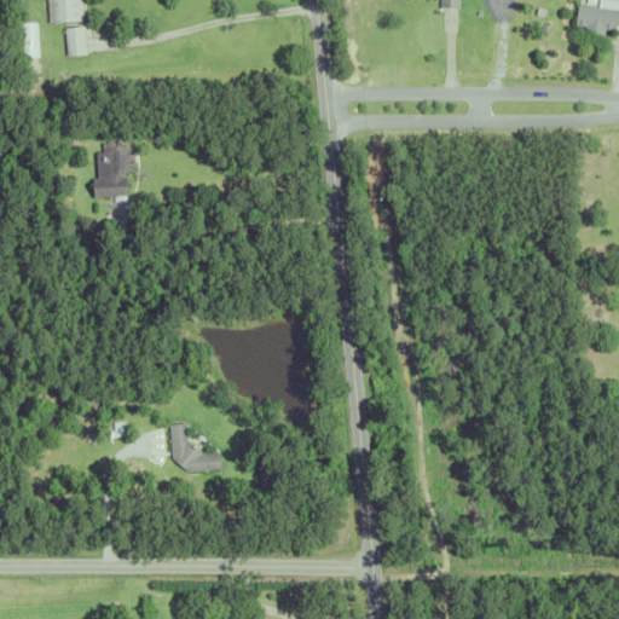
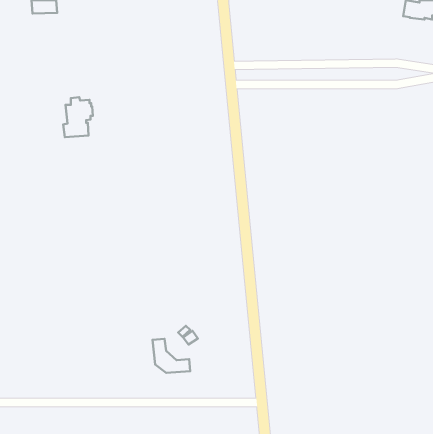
building: [65,25,87,54] -> none
building: [169,423,222,472] -> [153,339,190,373]

